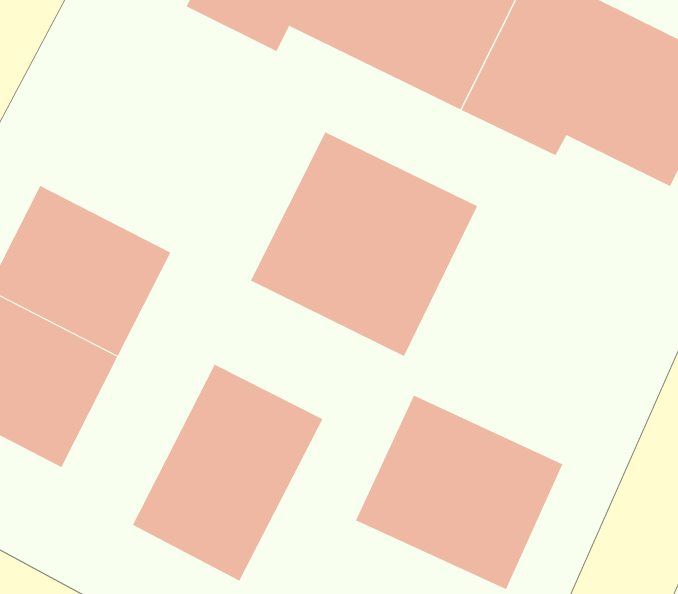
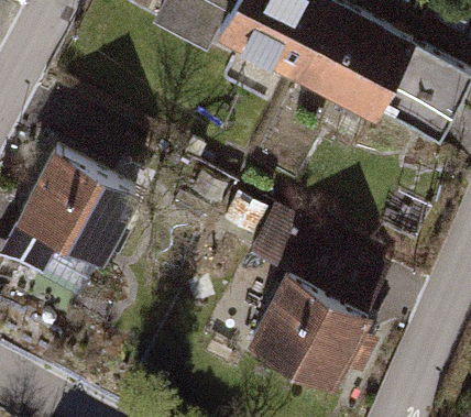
building: [250,131,478,357] -> none
building: [132,364,323,582] -> none

